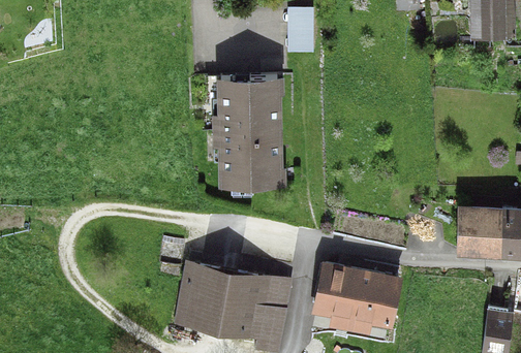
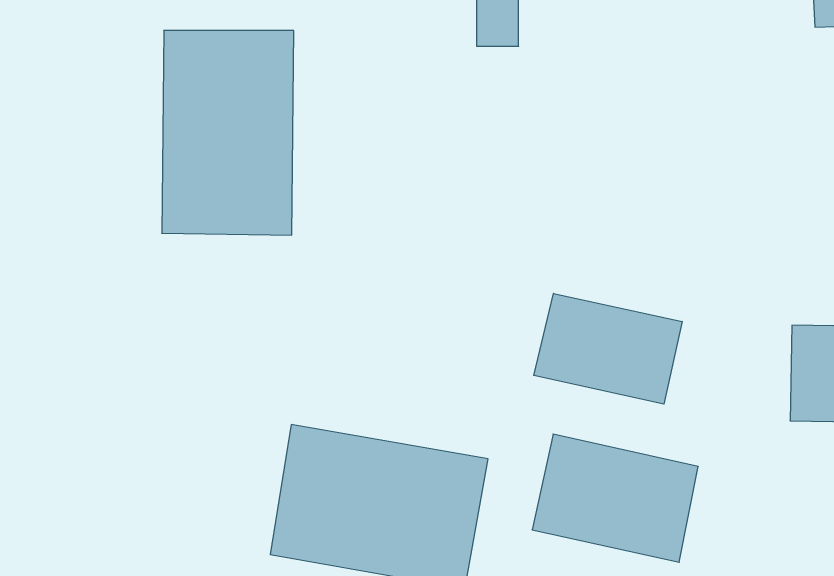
building: [217,79,288,190] -> [162,31,294,235]
building: none -> [534,293,682,404]

